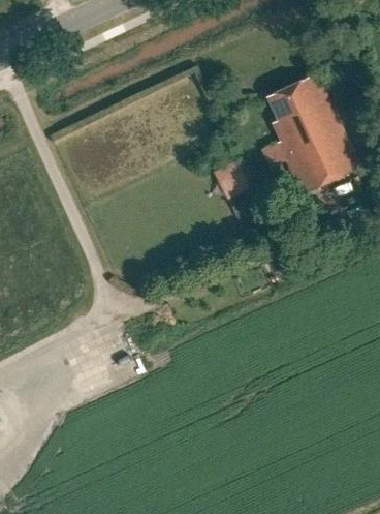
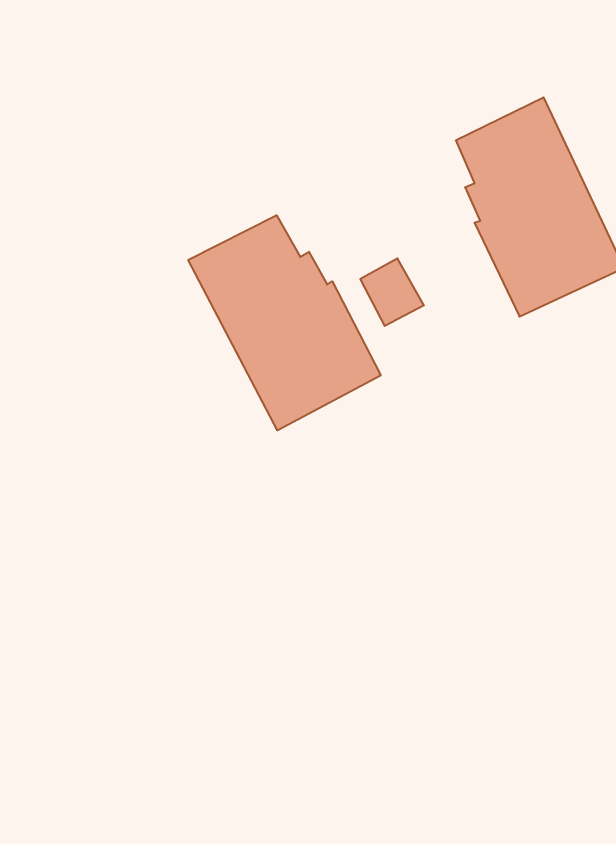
building: none -> [188,215,381,430]

